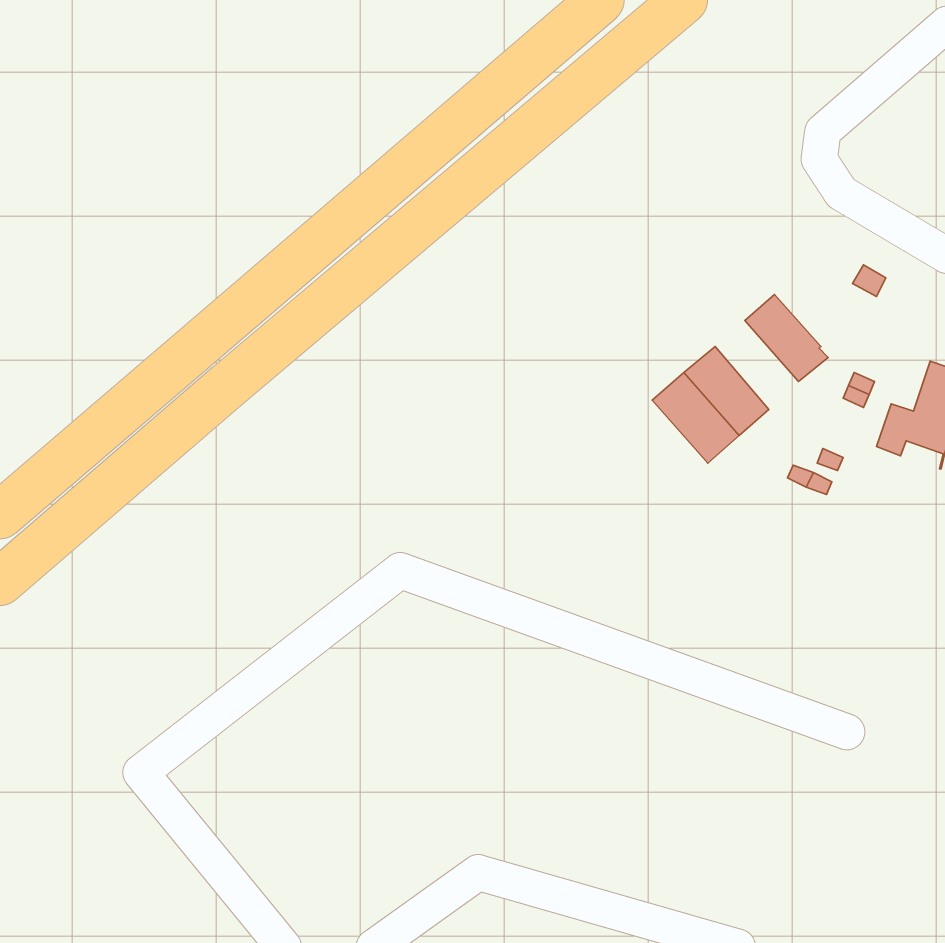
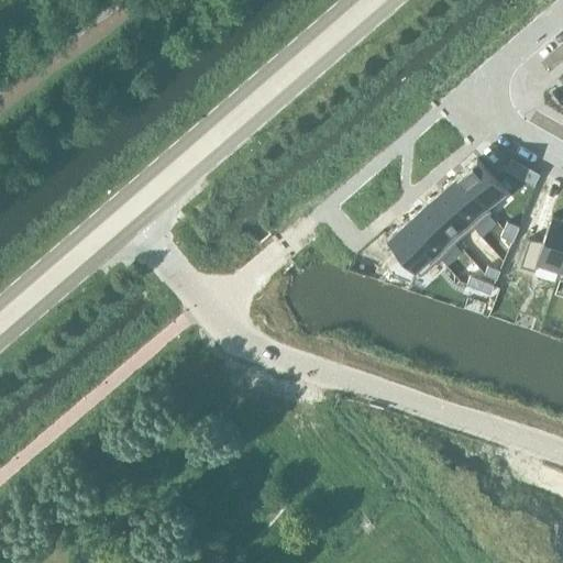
building: none -> [461,161,506,208]
building: none -> [426,192,475,245]

